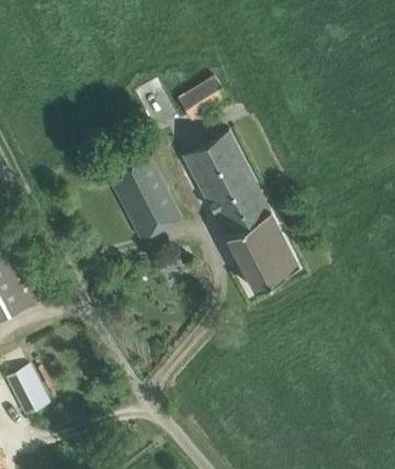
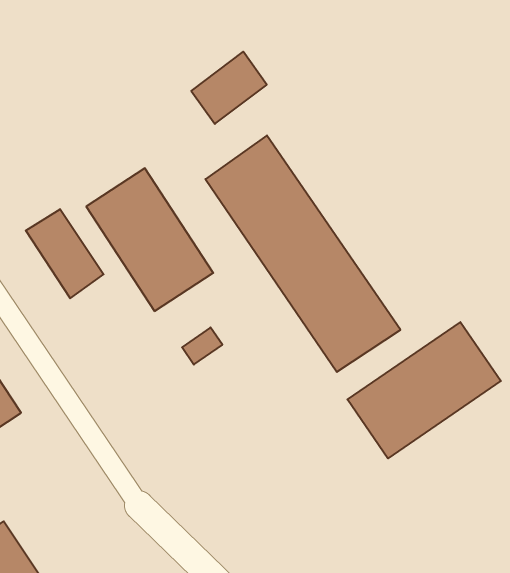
building: none -> [26,209,104,298]
building: none -> [347,322,501,458]

